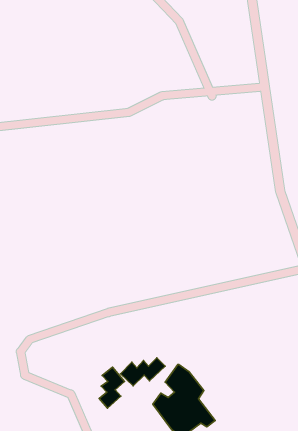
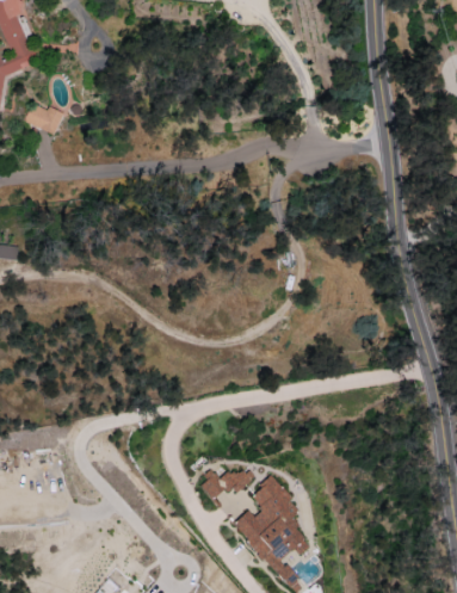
building: [99,367,125,408] -> none

